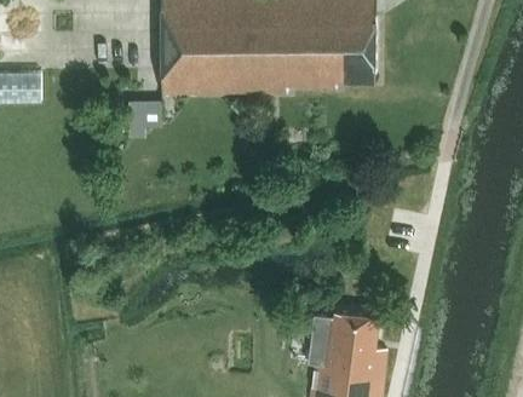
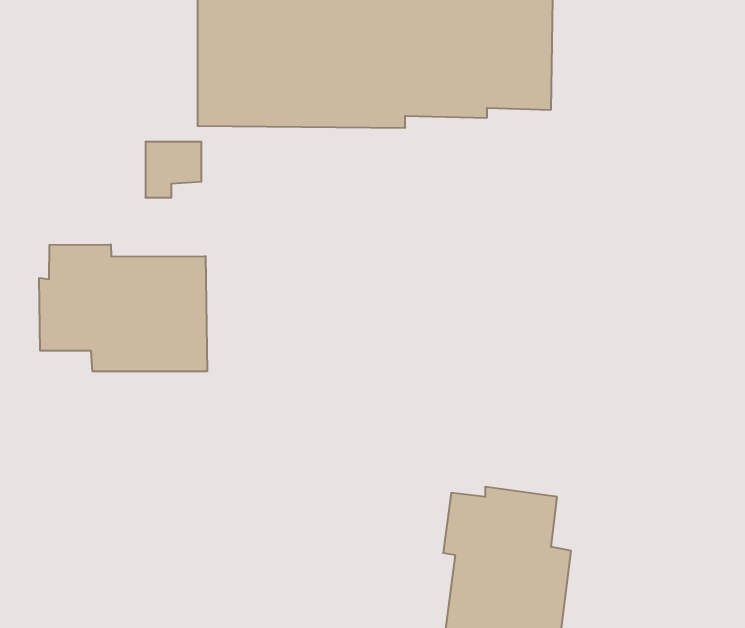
building: none -> [39,244,207,371]

